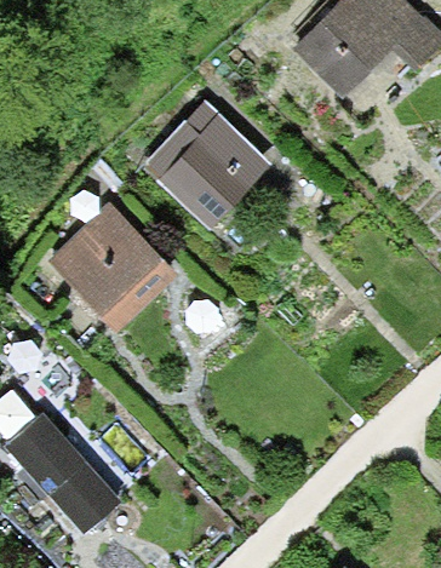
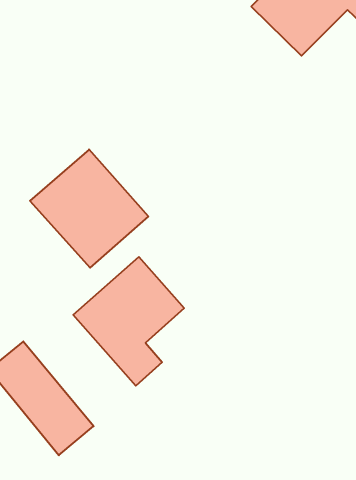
building: [141,98,269,226] -> none
building: none -> [73,257,184,386]

